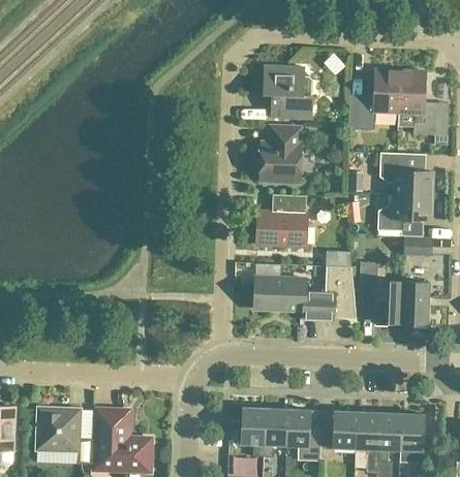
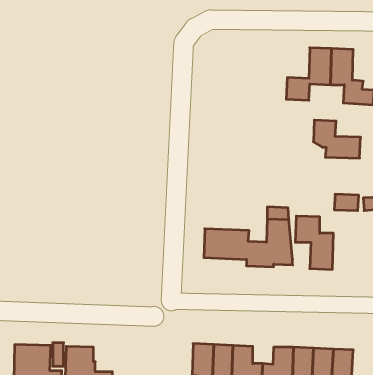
building: [263,66,313,120] -> none
building: [259,127,302,183] -> none
building: [256,194,307,247] -> none
building: [377,195,432,231] -> none
building: [401,282,428,324] -> none

